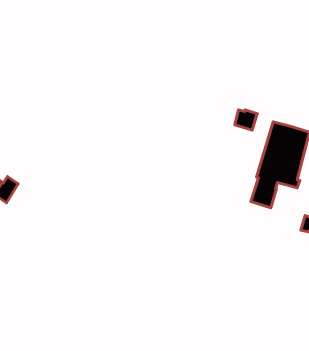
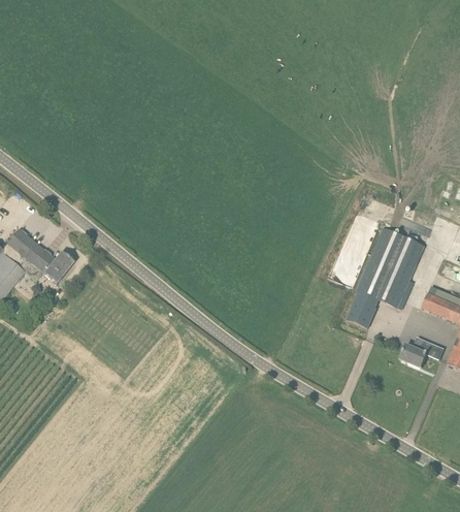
building: [235,110,257,130] -> none

